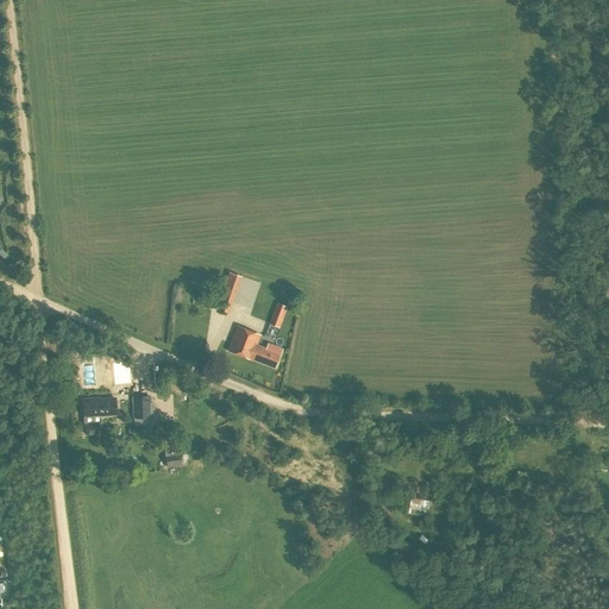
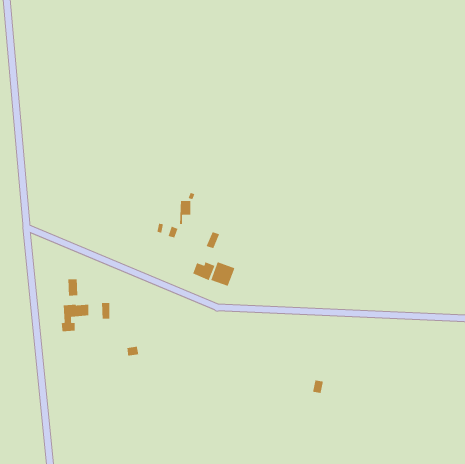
building: [227,325,260,358] -> [210,261,236,287]

